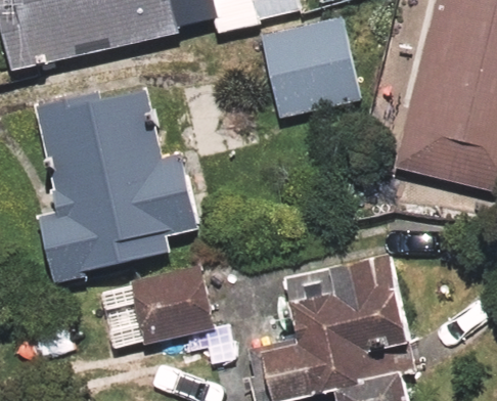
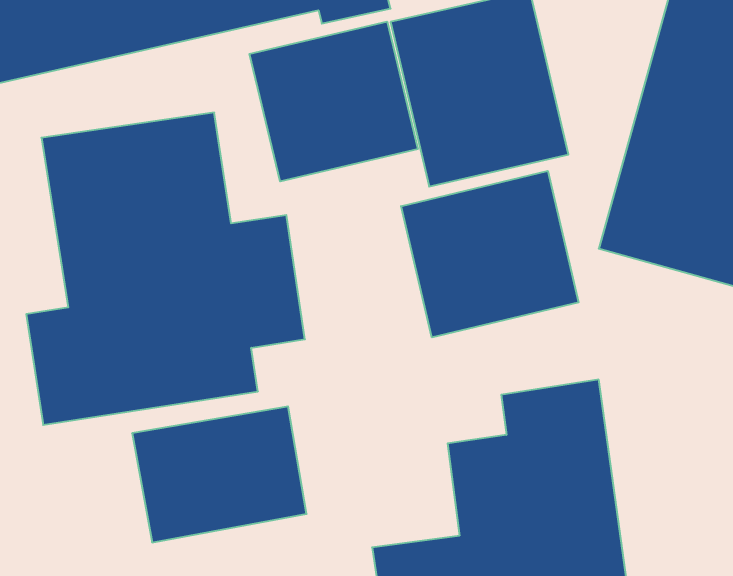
building: none -> [249,22,418,181]
building: none -> [401,171,579,337]

